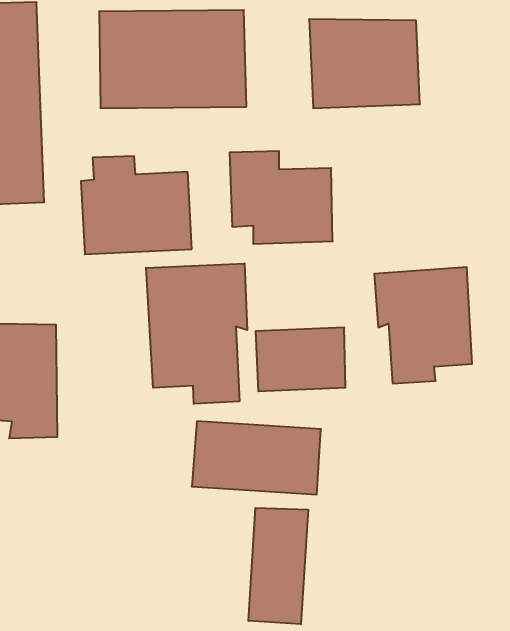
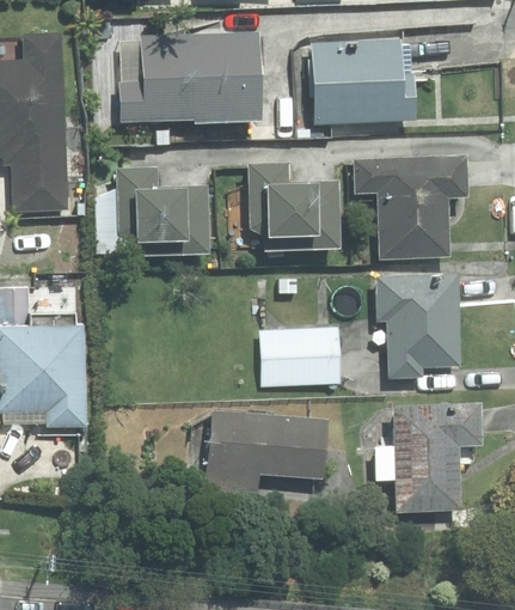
building: none -> [343,153,468,261]
building: [146,263,247,404] -> none
building: none -> [374,399,488,516]
building: [248,508,308,624] -> none

